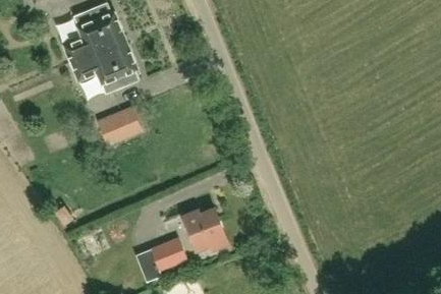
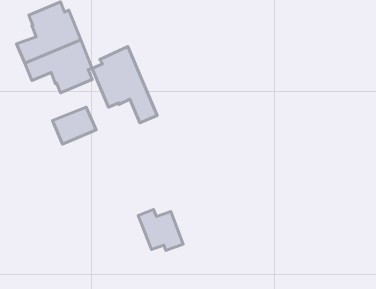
building: none -> [92,47,157,123]
building: [149,237,185,270] -> none

